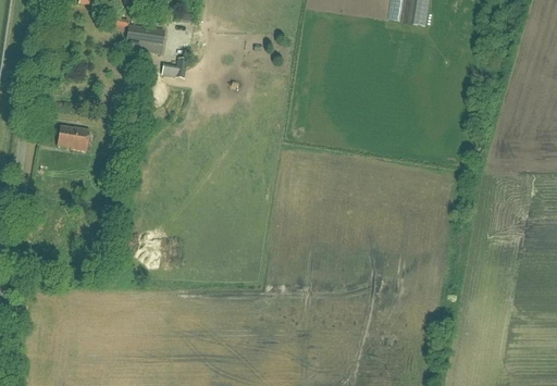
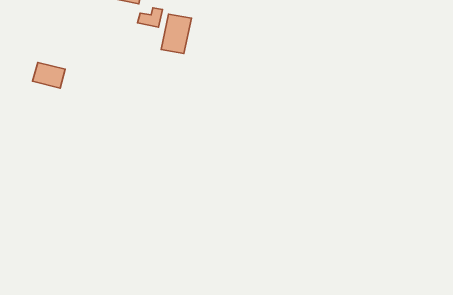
building: none -> [161,14,191,53]

